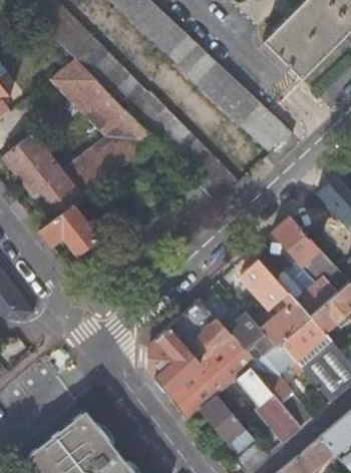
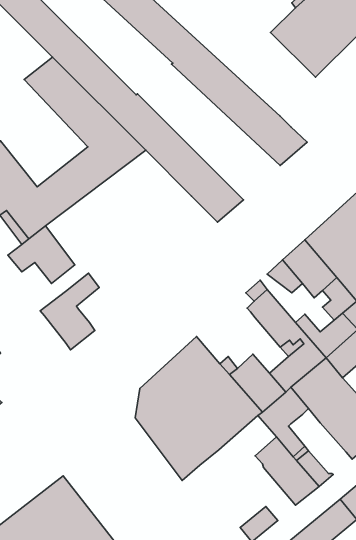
building: none -> [40,273,99,350]
building: [202,394,255,451] -> none

